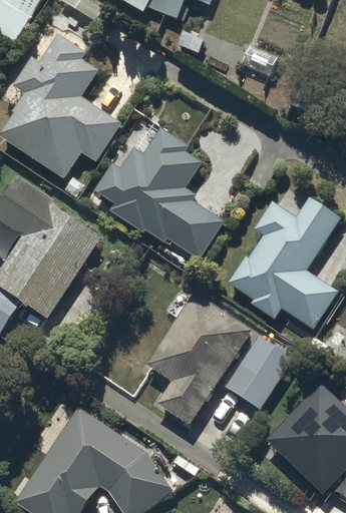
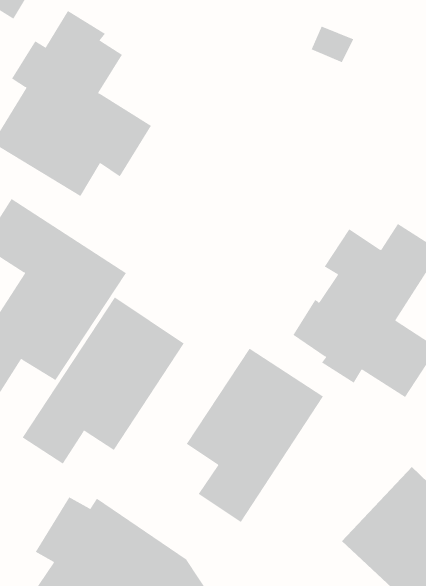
building: [93,126,223,260] -> none
building: none -> [22,297,185,465]
building: [226,335,292,408] -> none

